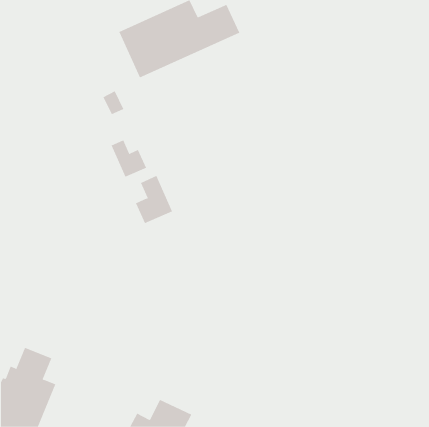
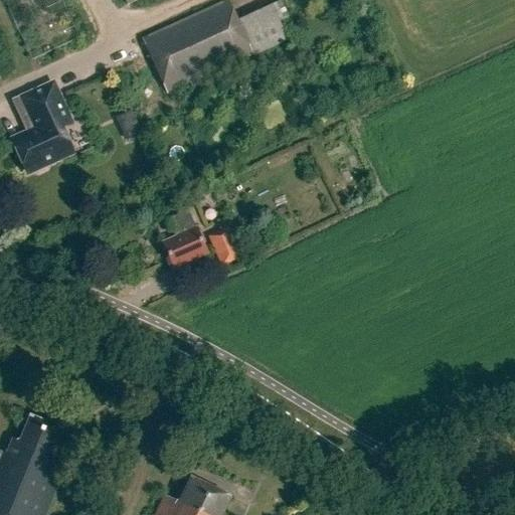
building: none -> [13,85,71,172]
building: [111,140,147,178] -> none
building: none -> [209,228,241,266]

